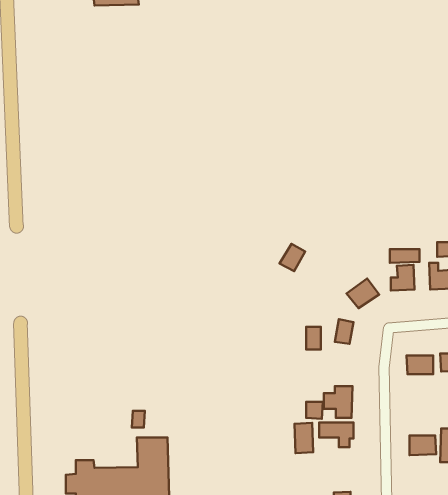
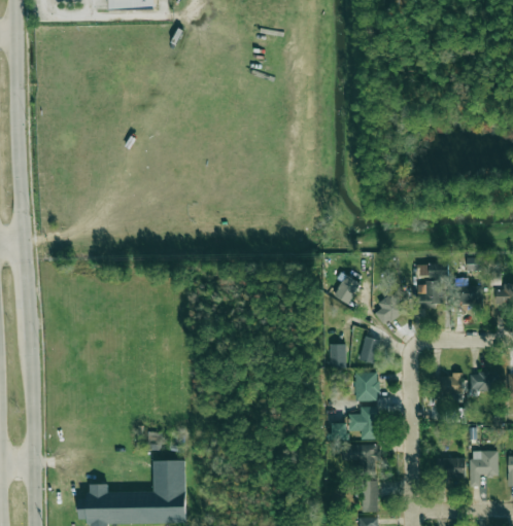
building: [280,244,305,271] -> [333,275,360,304]
building: none -> [354,373,378,401]
building: [295,423,313,453] -> [358,481,378,513]

